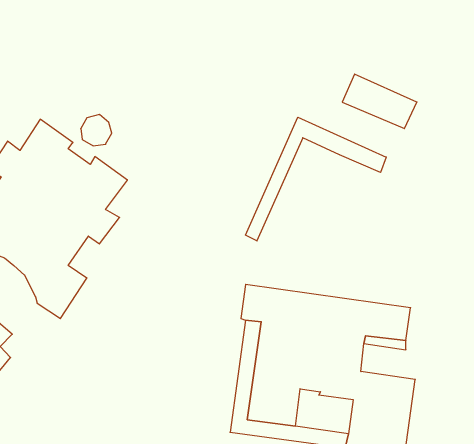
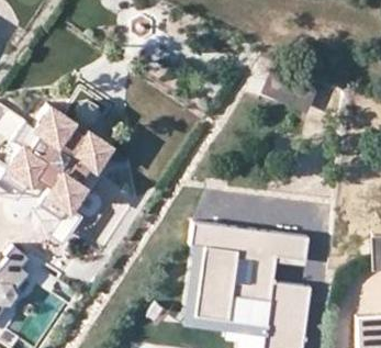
building: [245,117,386,241] -> none

